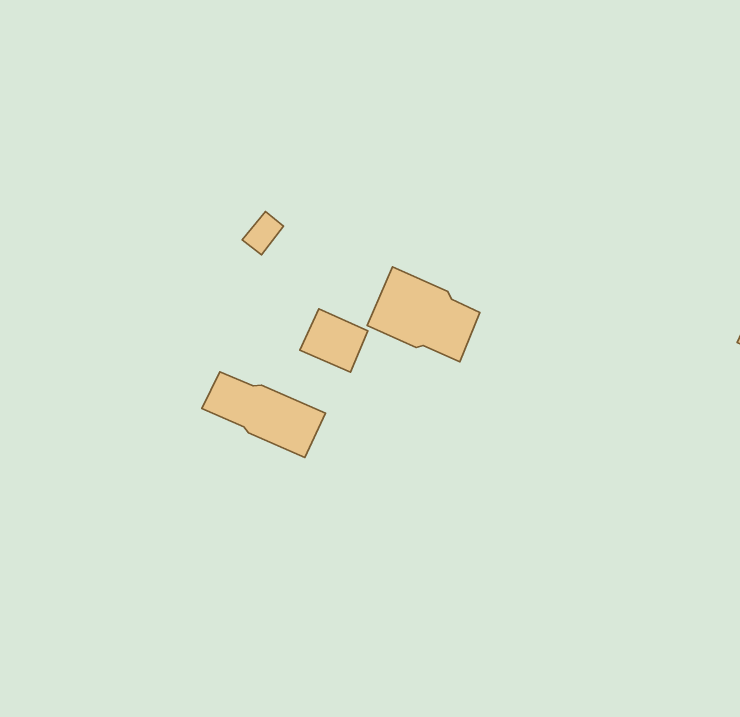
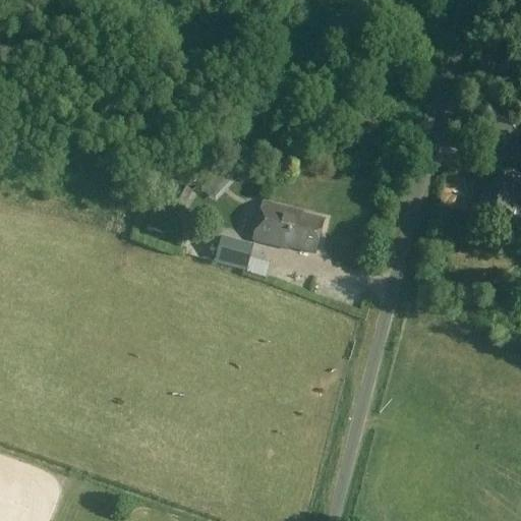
building: [202,372,325,457] -> none

